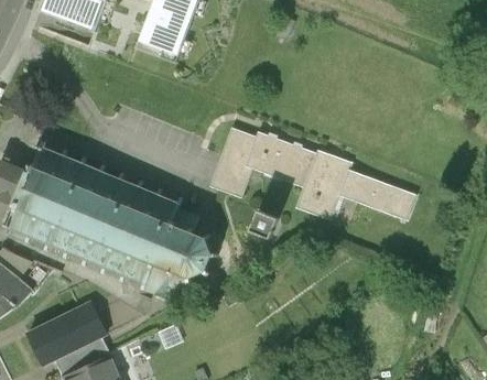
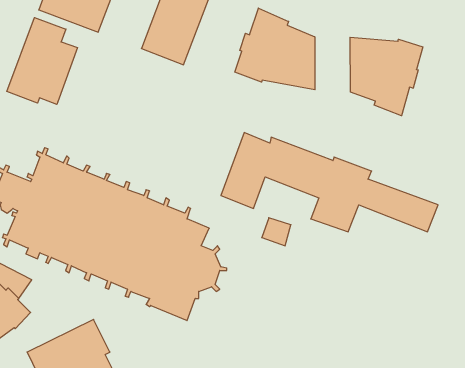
building: none -> [235,8,315,90]
building: none -> [7,18,77,104]
building: none -> [350,37,423,116]

